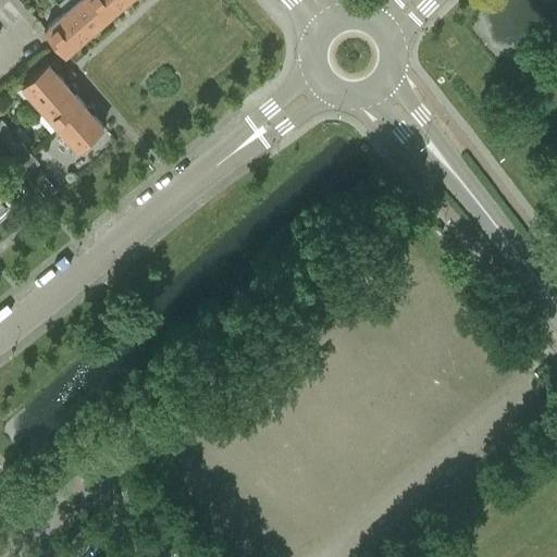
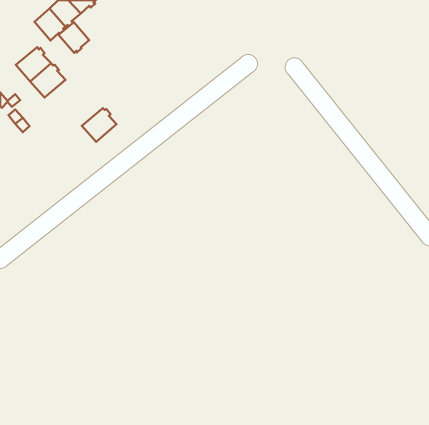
building: none -> [59,22,89,53]
building: [59,110,103,153] -> [82,108,116,142]

